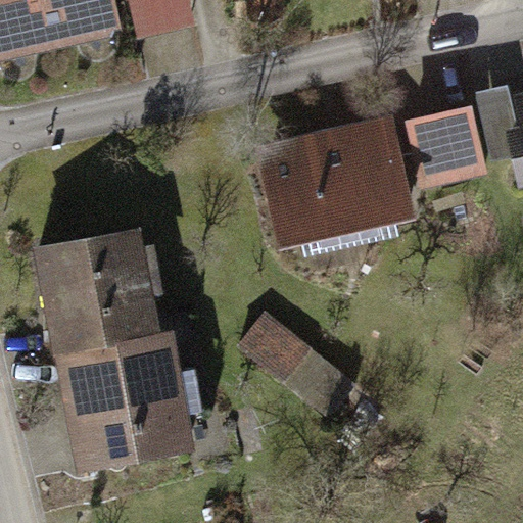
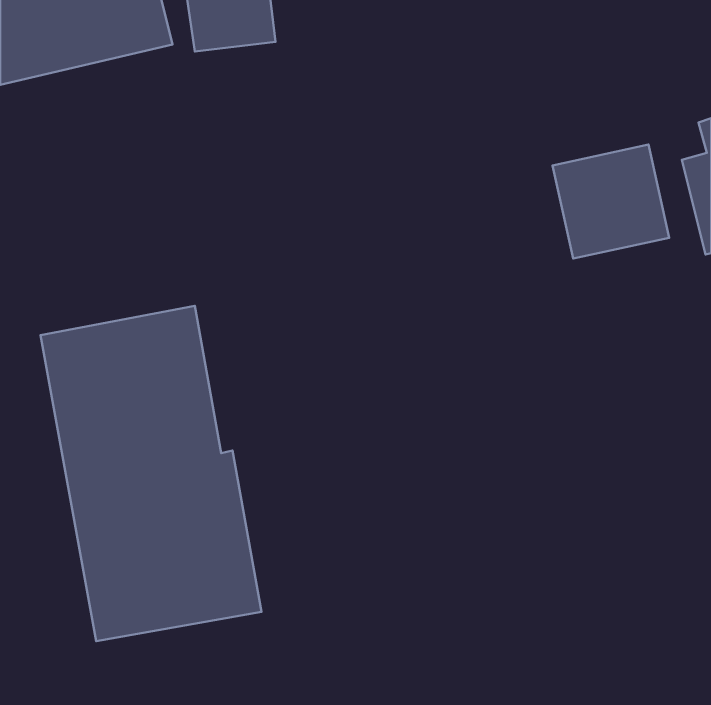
building: [255,116,413,249] -> none
building: [240,308,360,416] -> none

